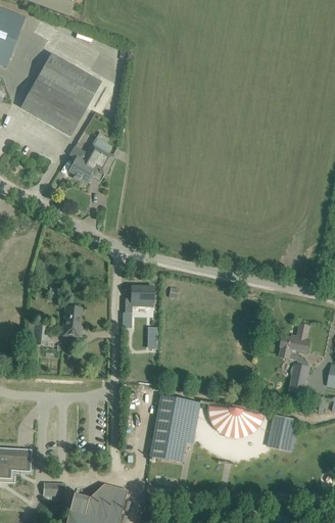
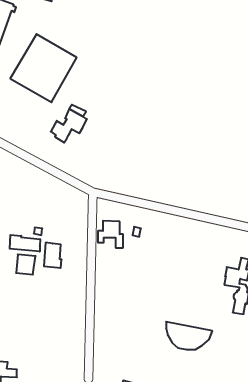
building: none -> [10,235,40,252]
building: [150,395,194,462] -> none
building: [267,414,300,450] -> none

